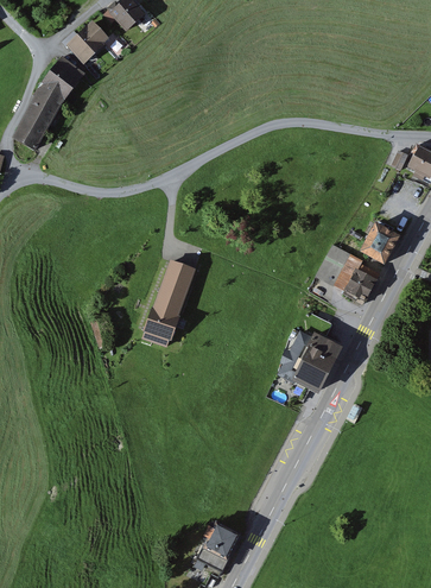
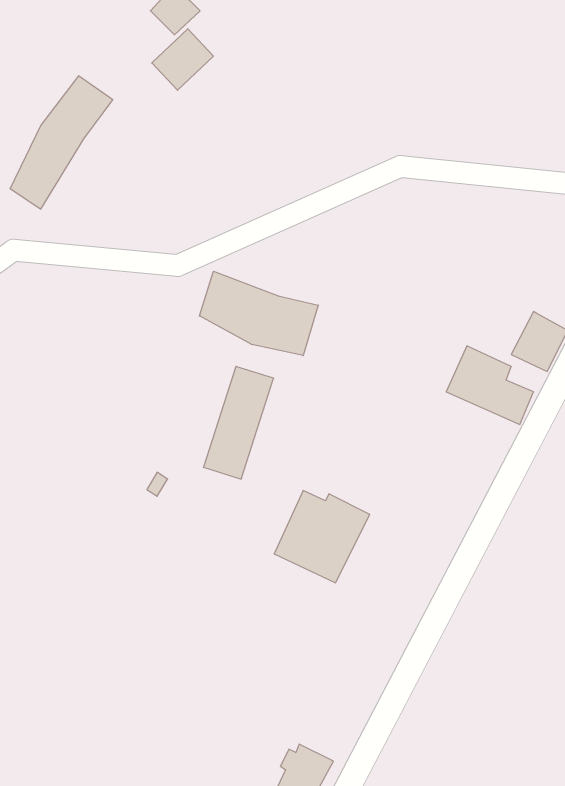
building: [66,20,109,63] -> [152,29,213,90]
building: none -> [199,271,318,356]
building: [277,328,343,392] -> [274,490,370,583]

